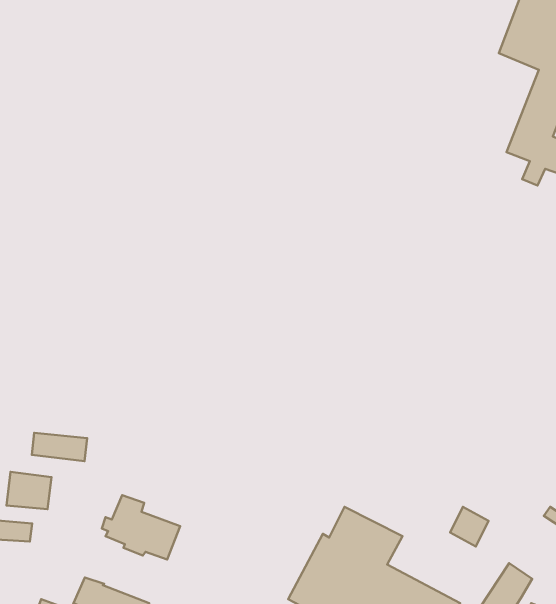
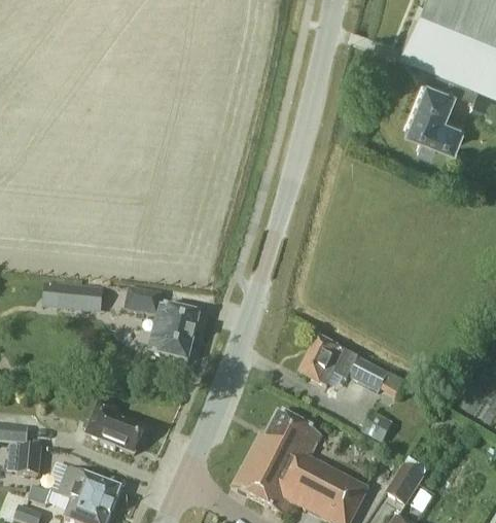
building: none -> [127,286,202,361]
building: none -> [299,334,390,391]
building: [32,433,87,461] -> [60,283,104,306]
building: [7,472,52,509] -> [7,444,43,474]

